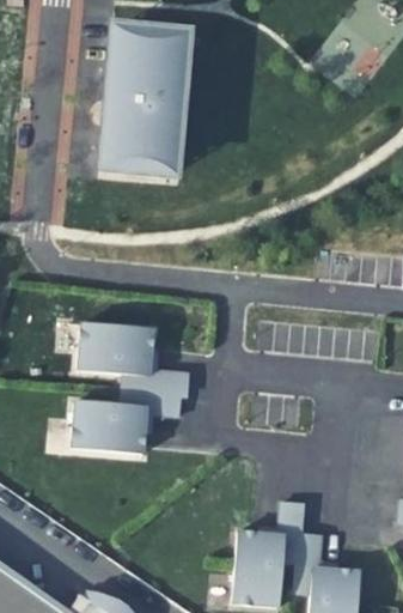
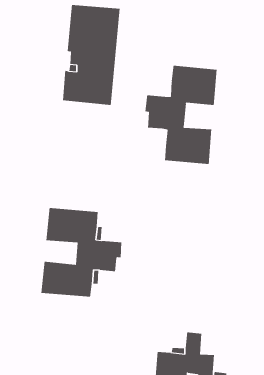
building: none -> [145,65,217,165]

